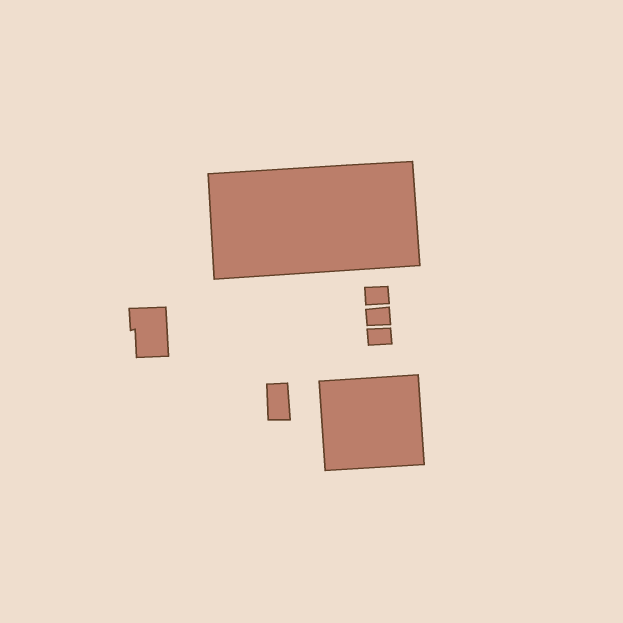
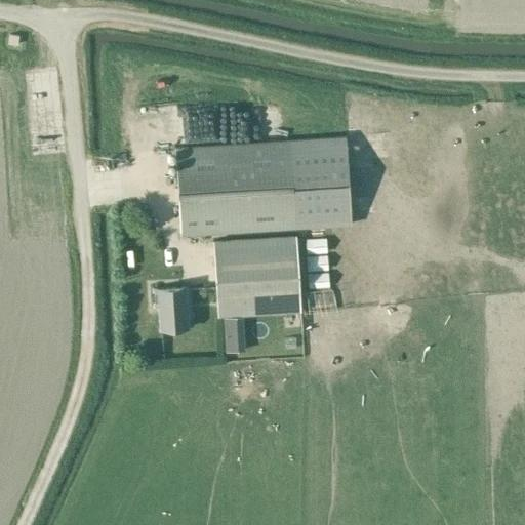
building: [129,307,168,357] -> [156,288,189,330]
building: [319,375,424,470] -> [214,237,302,317]

